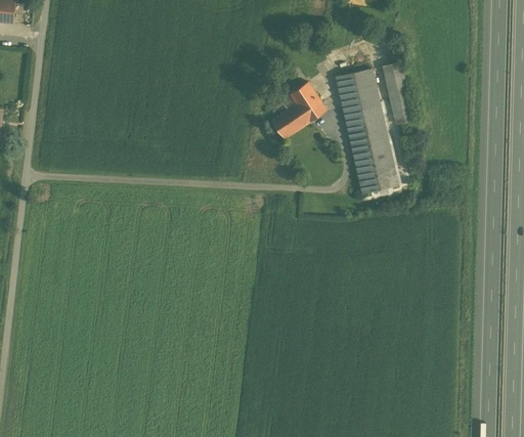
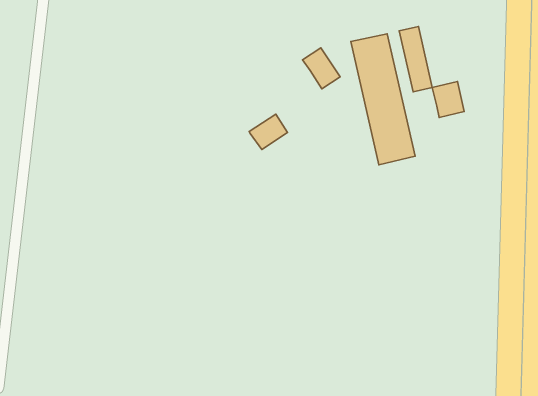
building: [271,103,308,137] -> [249,114,288,150]
building: none -> [432,82,464,117]

